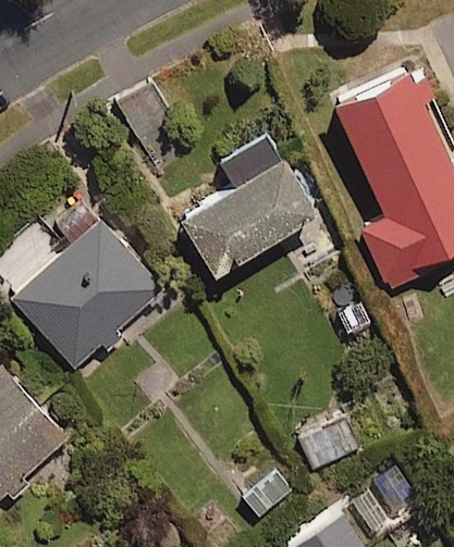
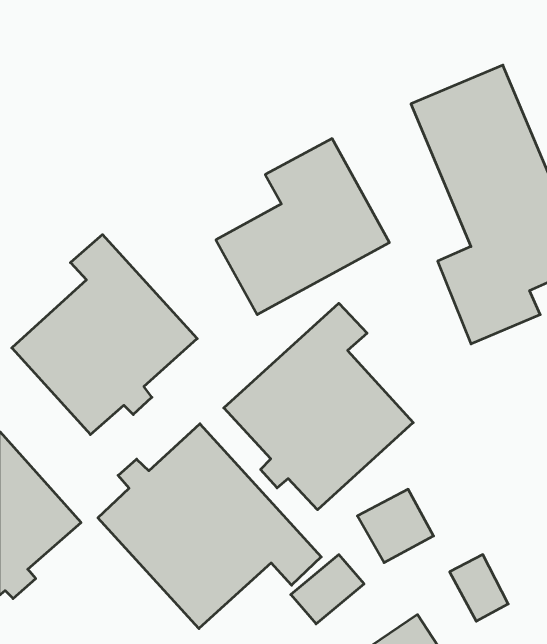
building: none -> [224,303,413,510]
building: none -> [98,424,321,629]

